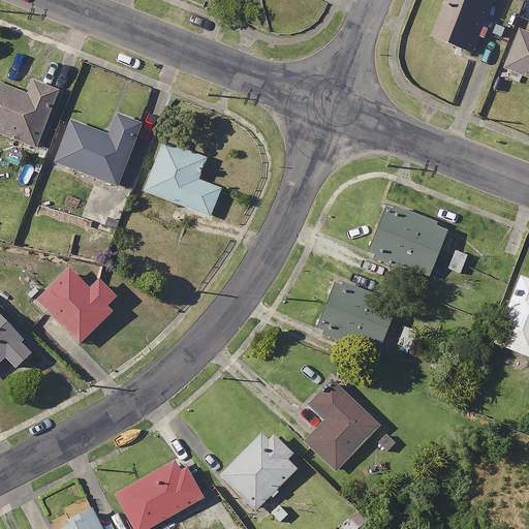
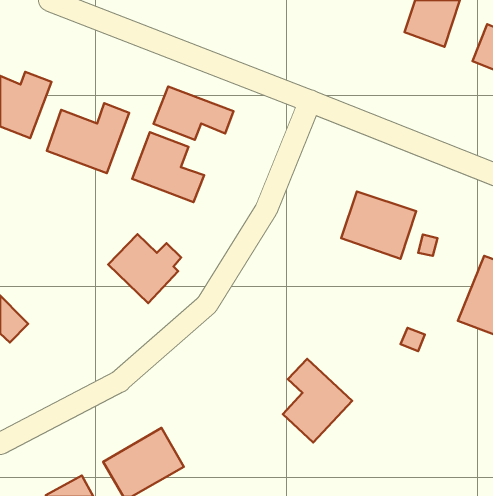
building: none -> [154,86,233,140]
building: [37,270,115,343] -> [108,234,181,303]
building: [317,277,396,346] -> none
building: [219,429,300,509] -> none

